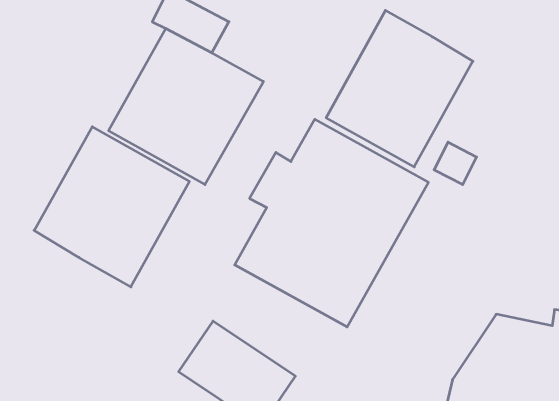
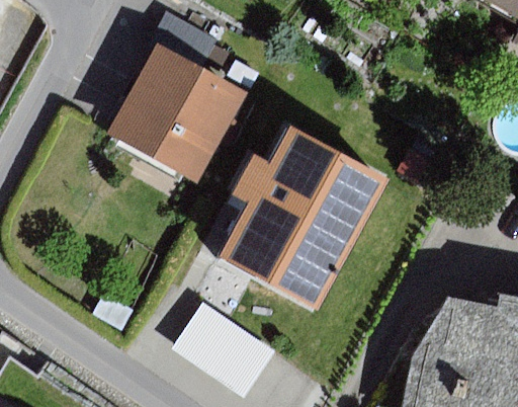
building: [326,10,473,167] -> none
building: [34,127,189,287] -> none

